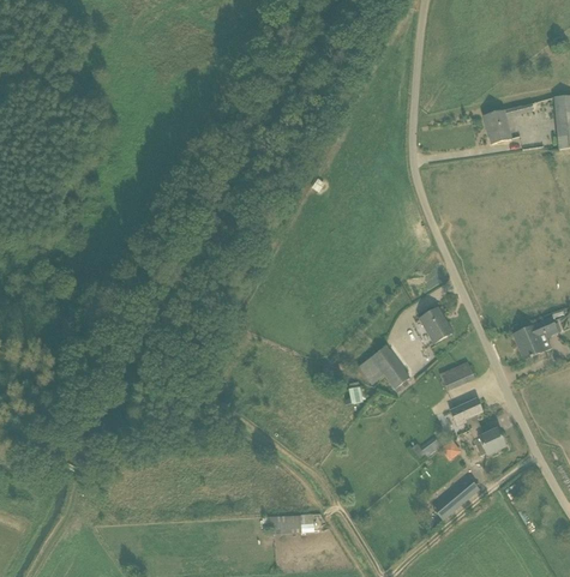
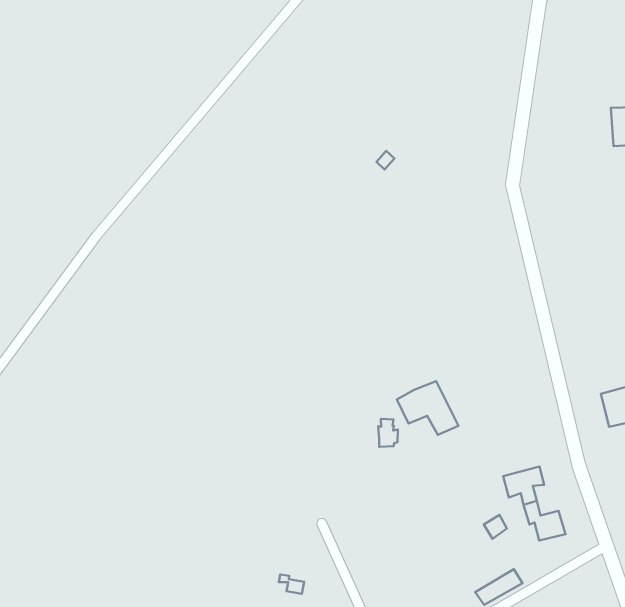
building: [420,307,452,342] -> none
building: [439,360,474,389] -> none

